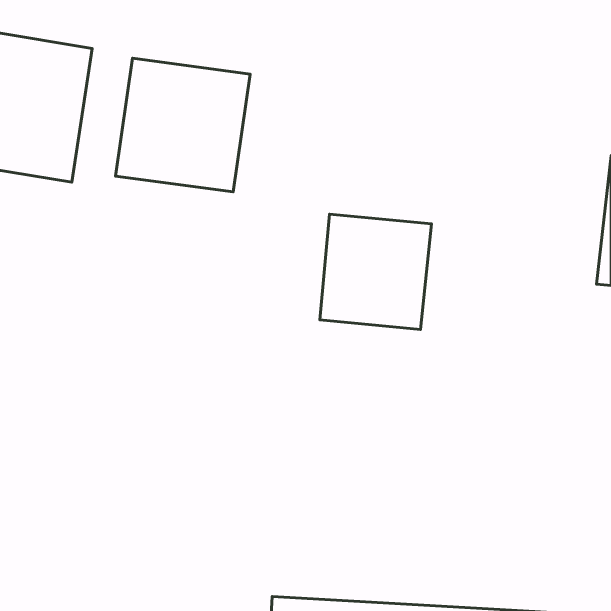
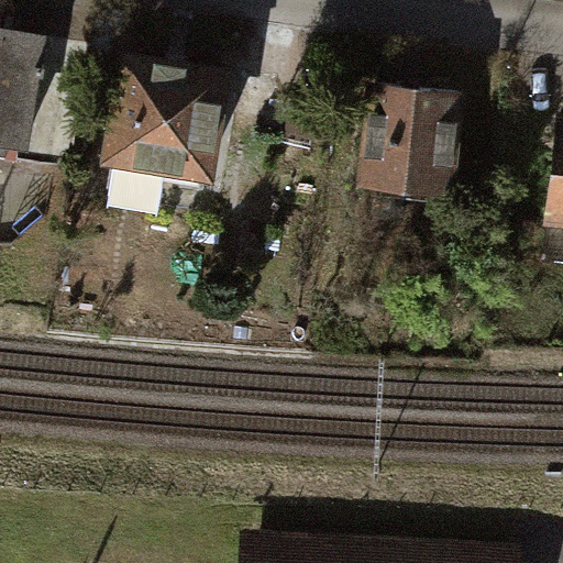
building: [320,214,432,330] -> [356,93,457,198]

